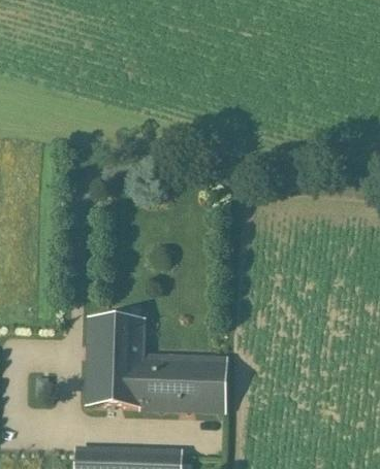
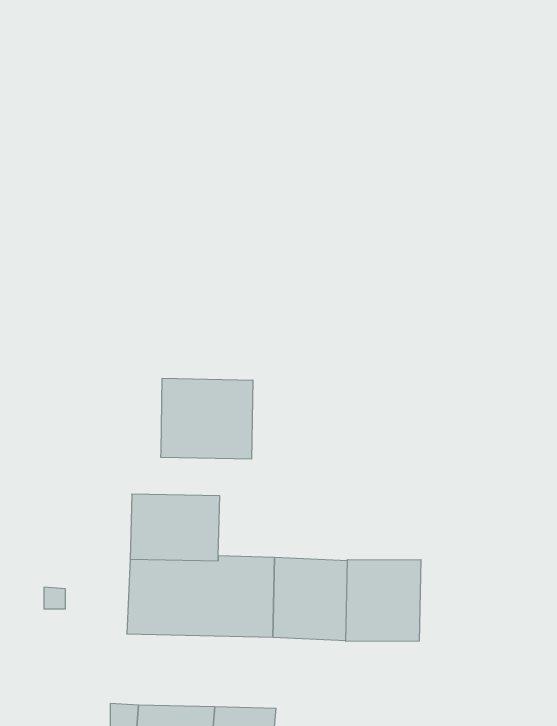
building: none -> [161,378,253,459]
building: none -> [346,560,421,641]

